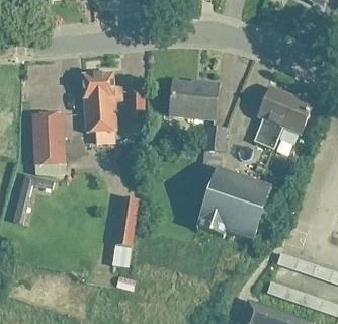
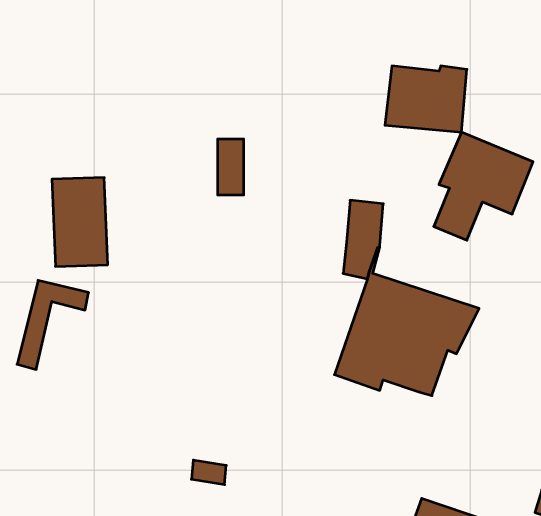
building: [83,73,122,133] -> none
building: [170,81,218,119] -> [385,66,467,132]
building: [115,197,139,247] -> none

